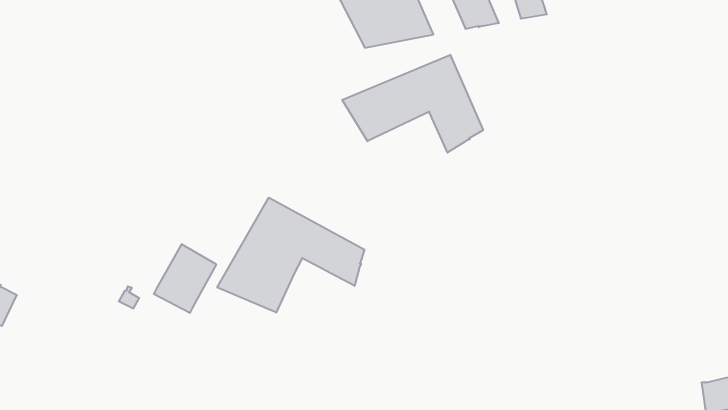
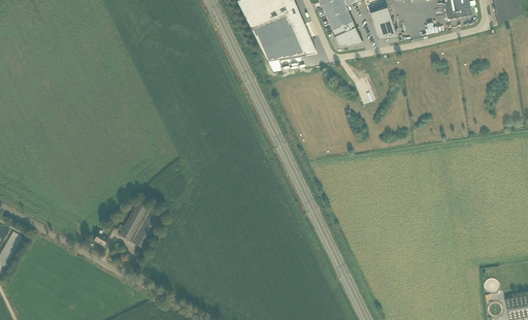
building: [342,55,483,153] -> none
building: [217,198,364,313] -> none

